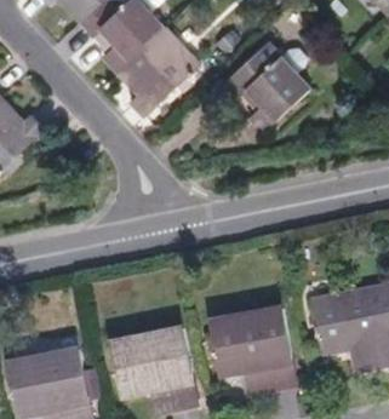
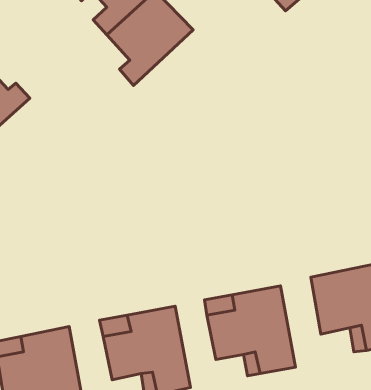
building: [225,45,311,132] -> none

